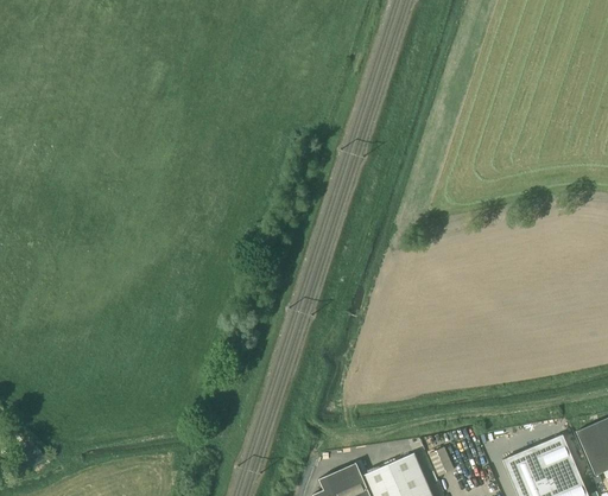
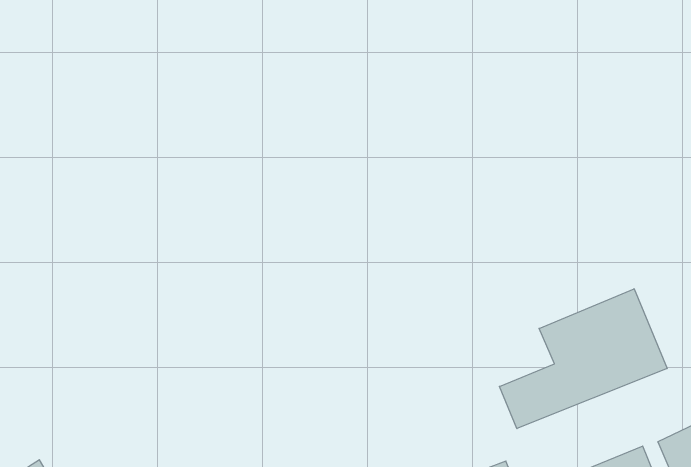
building: none -> [499,289,667,429]

